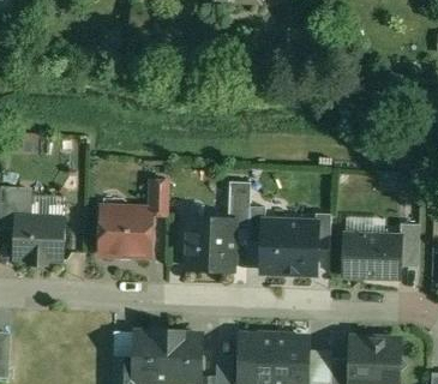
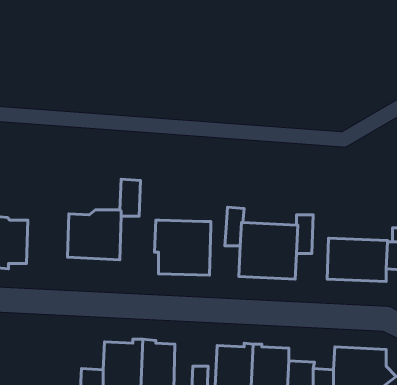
building: [228,181,251,226] -> none

